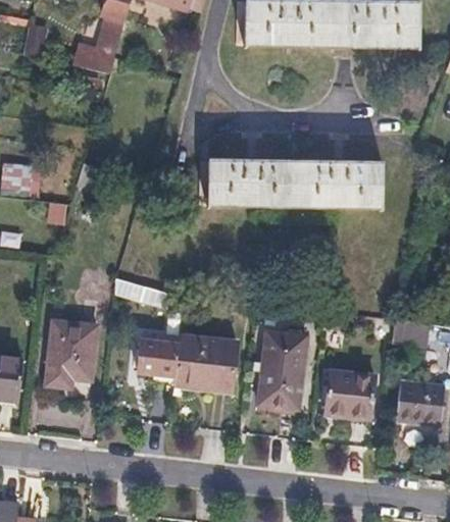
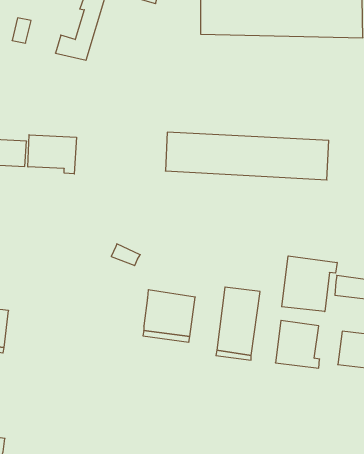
building: none -> [28,135,76,174]
building: none -> [282,256,337,312]
building: [44,319,96,385] -> none
building: [137,338,179,374] -> none

